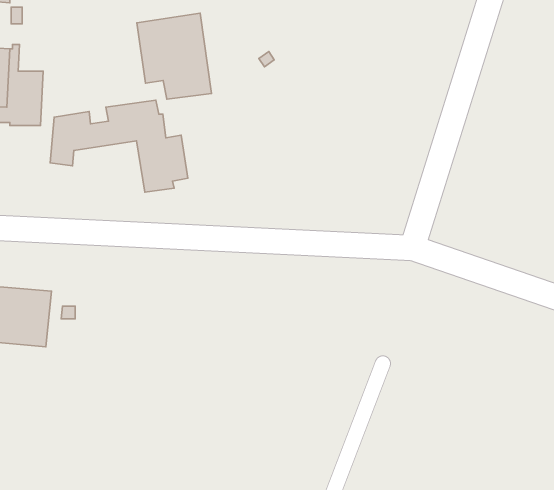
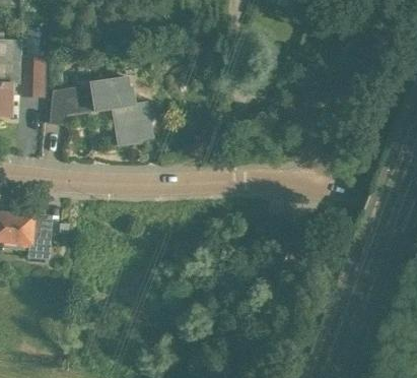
building: [137,13,211,99] -> none

